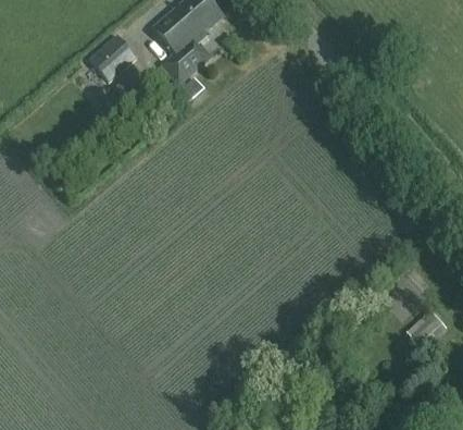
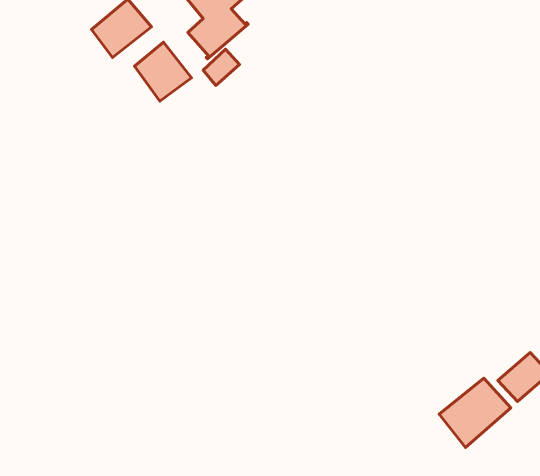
building: none -> [135,42,191,101]
building: none -> [439,378,511,447]

